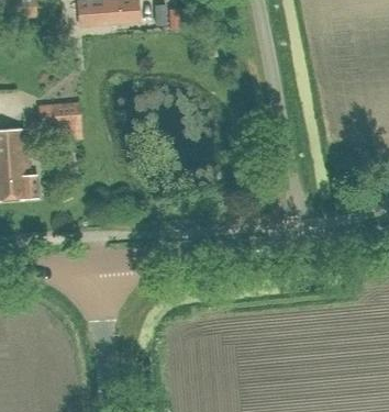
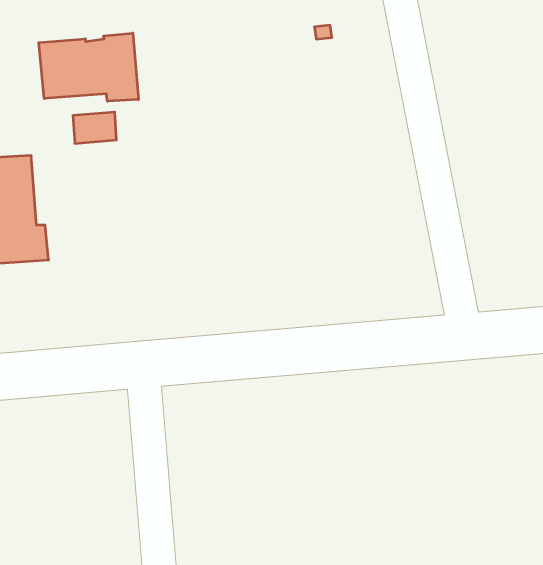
building: none -> [39,33,138,101]

